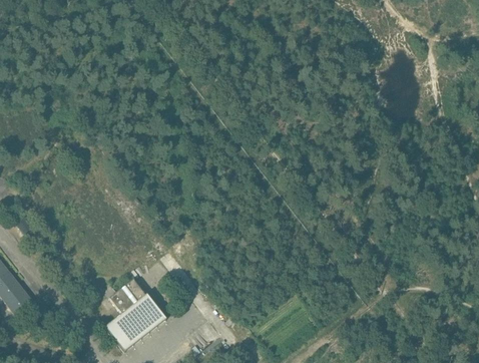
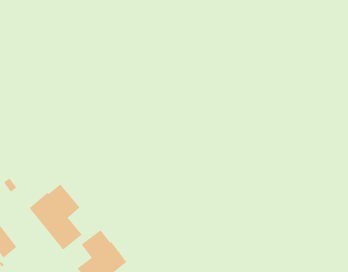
building: none -> [29,184,83,251]

